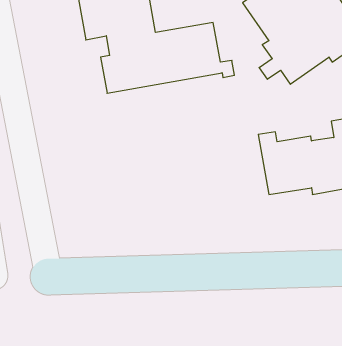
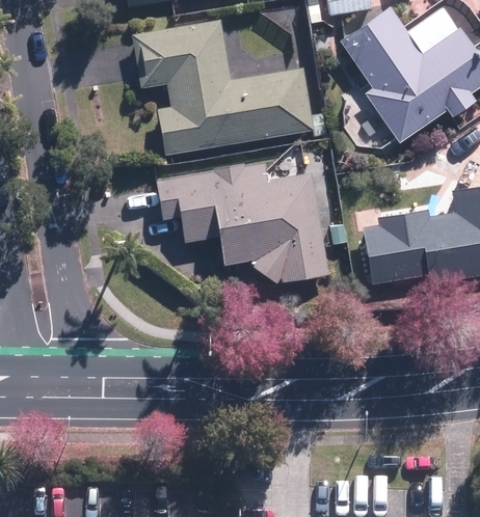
building: none -> [157,161,331,282]

